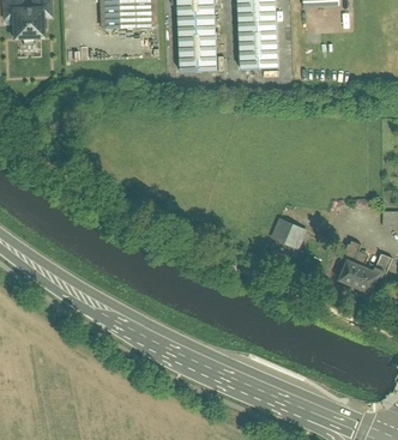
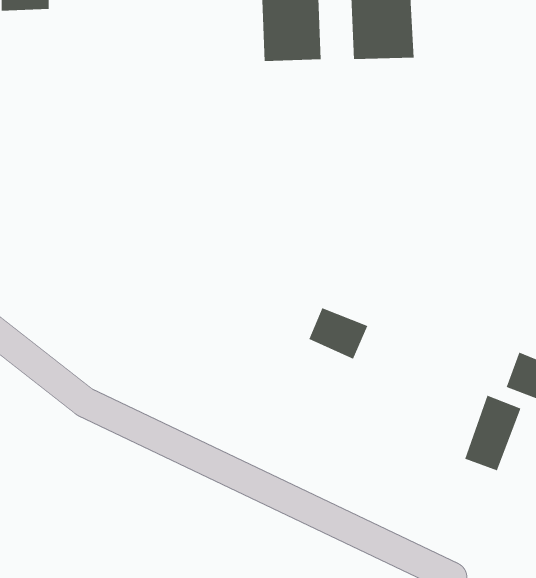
building: [270,217,308,251] -> [309,307,368,360]
building: none -> [465,395,521,471]

